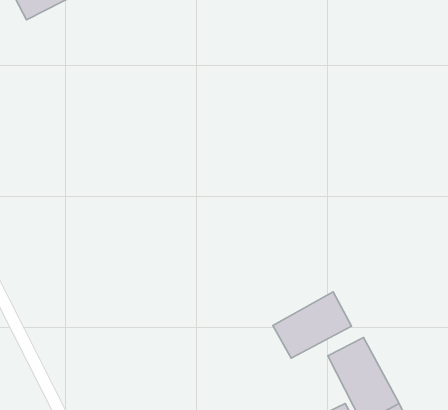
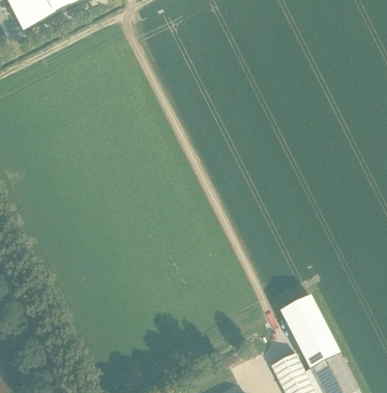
building: [273,292,352,358] -> none

